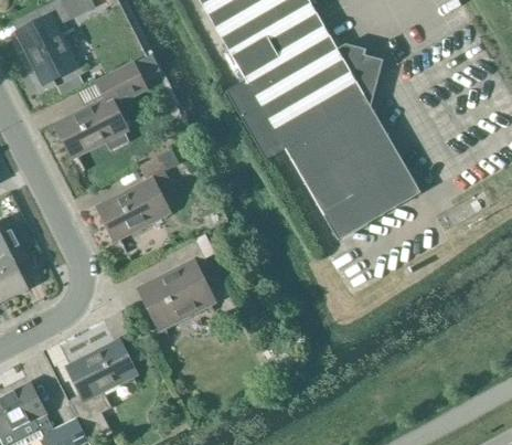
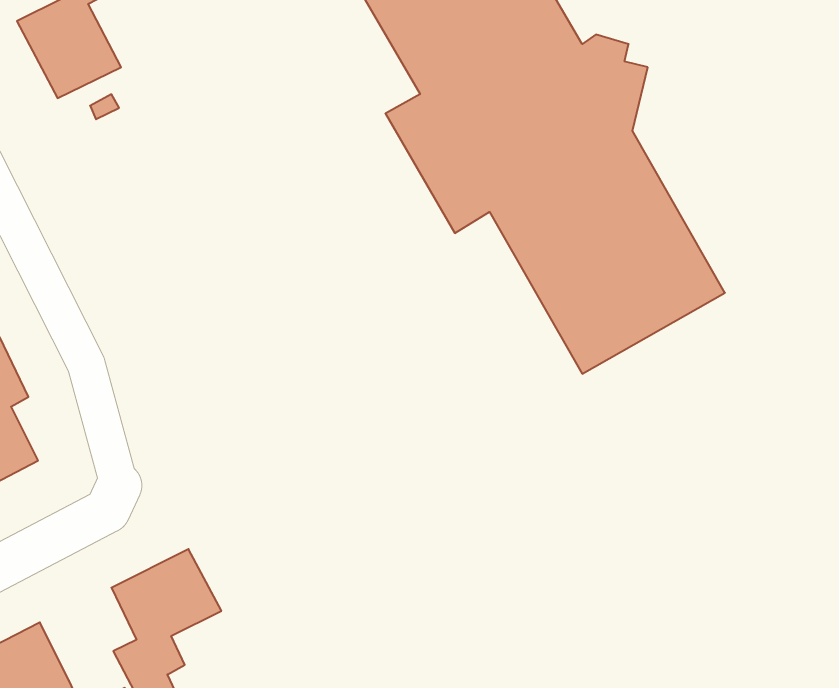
building: [58,62,148,155] -> none
building: [102,146,183,237] -> none
building: [142,234,215,327] -> none

